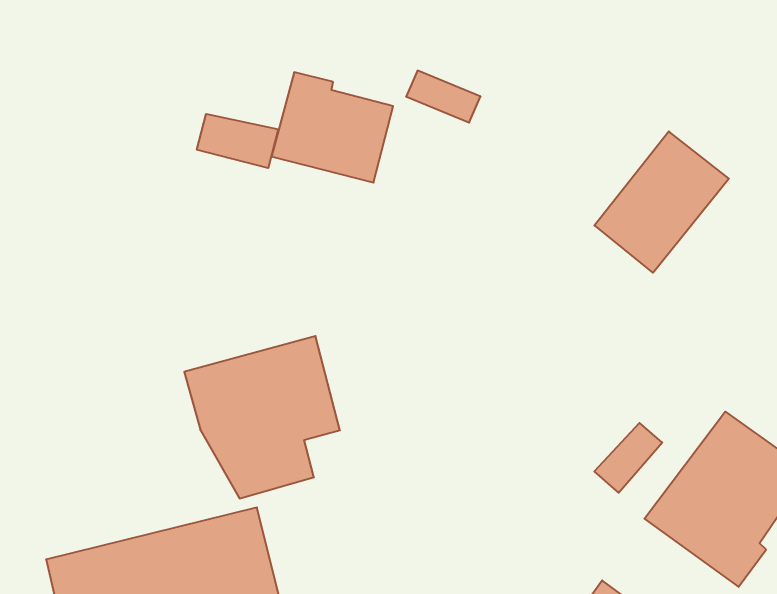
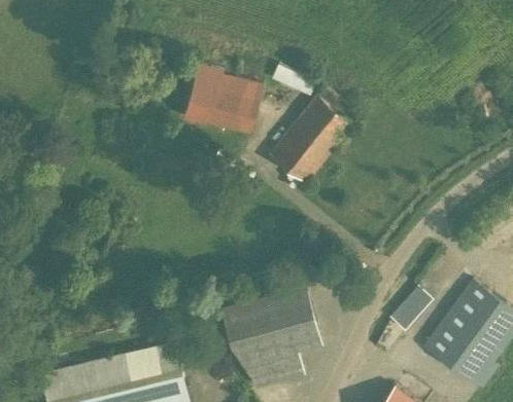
building: [197,114,278,168] -> none
building: [594,131,729,273] -> [267,96,352,185]
building: [184,336,340,498] -> [220,286,319,389]

